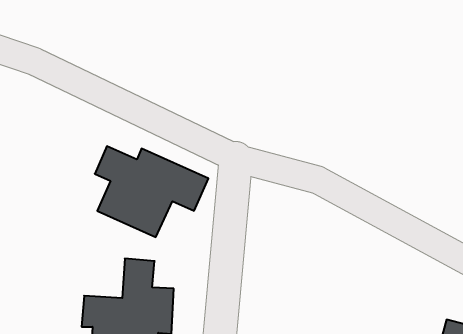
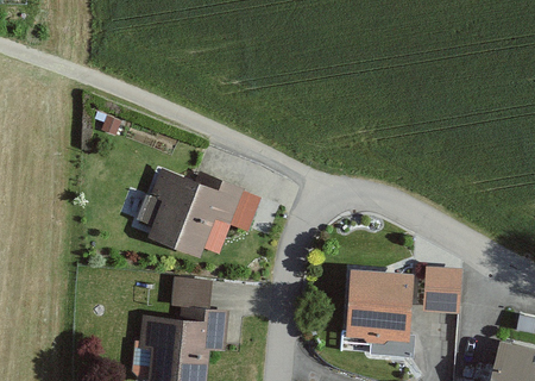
building: none -> [418,264,454,312]
building: none -> [346,268,414,341]

